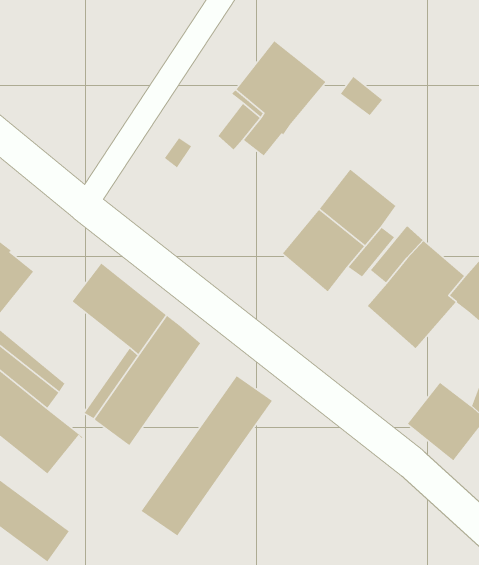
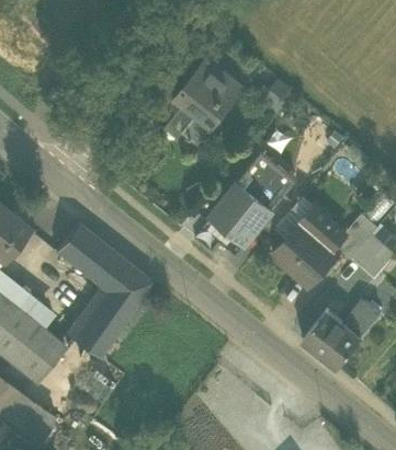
building: [141,375,276,536] -> none

